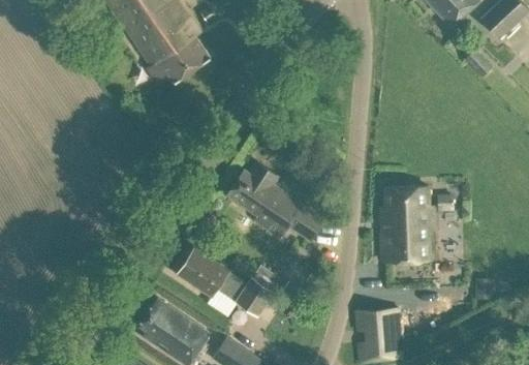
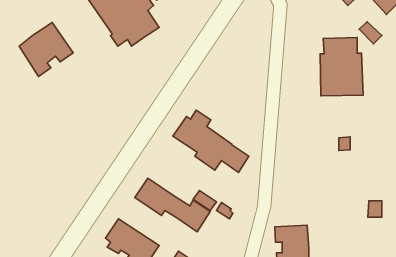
building: none -> [19,23,73,77]
building: [380,187,435,262] -> [320,38,363,96]

